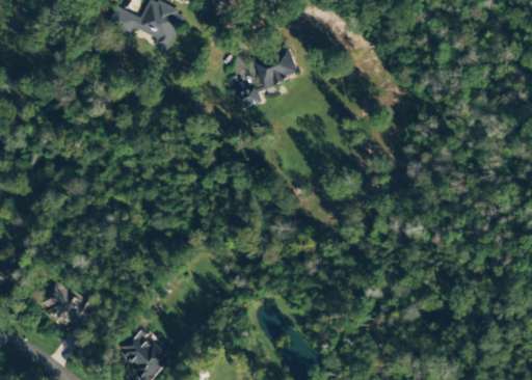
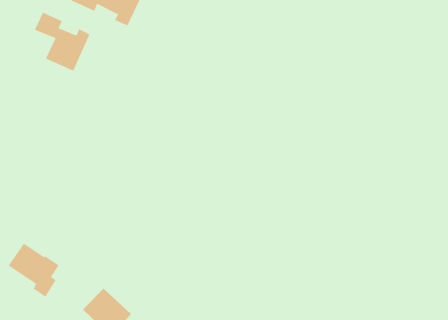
building: none -> [34,12,90,72]
building: [234,49,296,109] -> none

